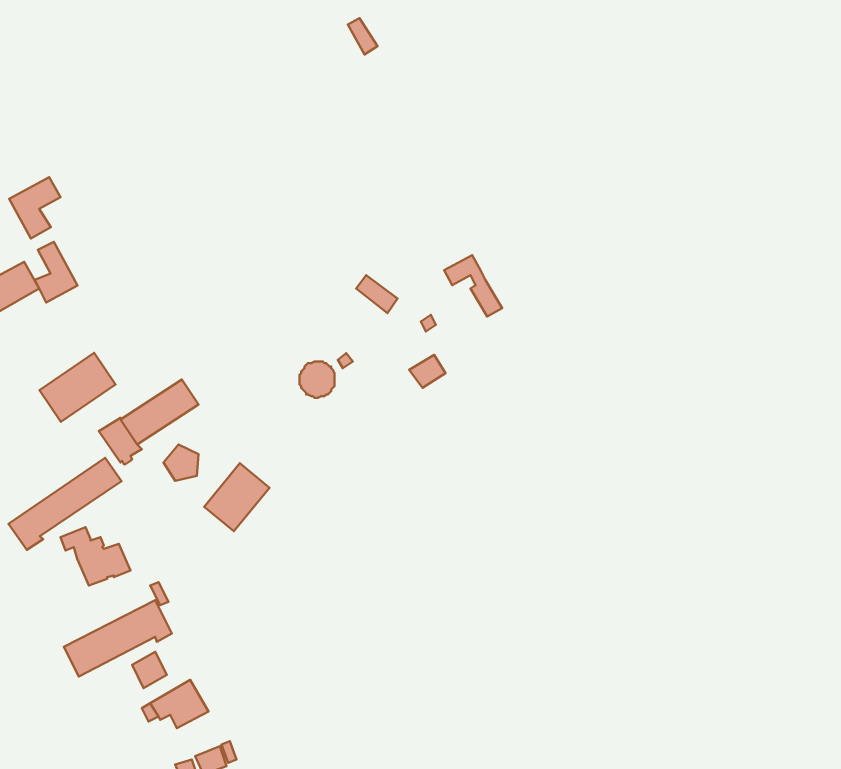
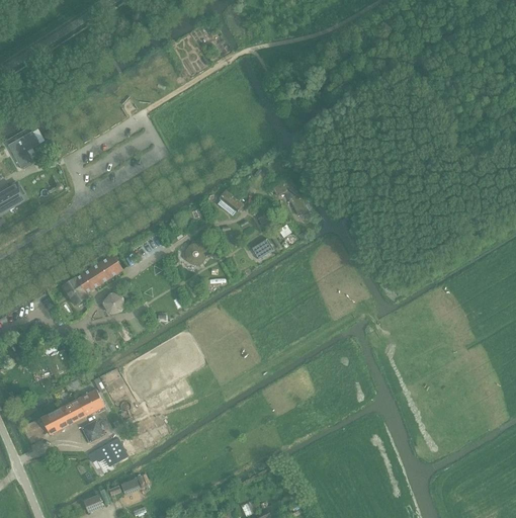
building: [35,242,78,302] -> none
building: [39,353,115,422] -> none
building: [9,458,122,550] -> none
building: [204,463,269,531] -> none

